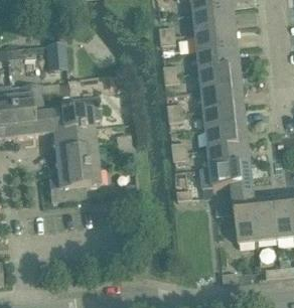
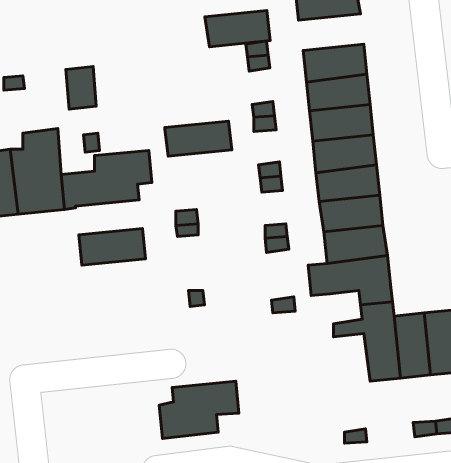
building: [193,9,235,32] -> [205,10,270,47]
building: [52,127,95,149] -> [165,121,232,156]
building: [48,164,99,200] -> [159,381,239,439]

